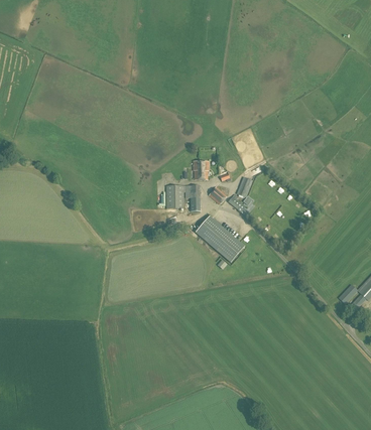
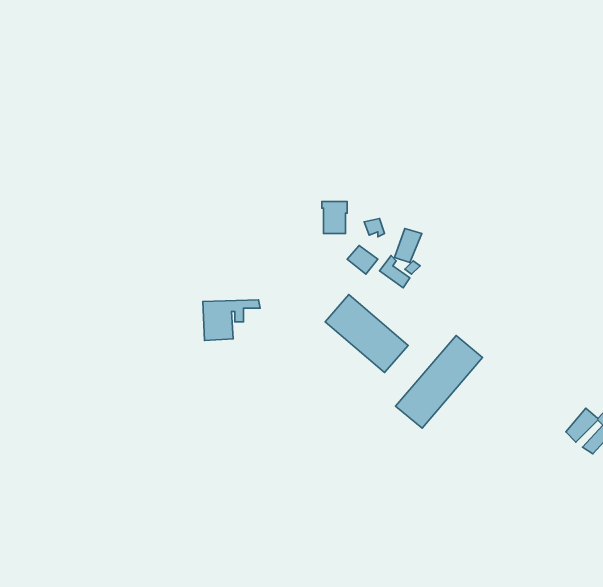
building: [165,184,200,208] -> [203,300,260,340]
building: none -> [396,335,483,428]

